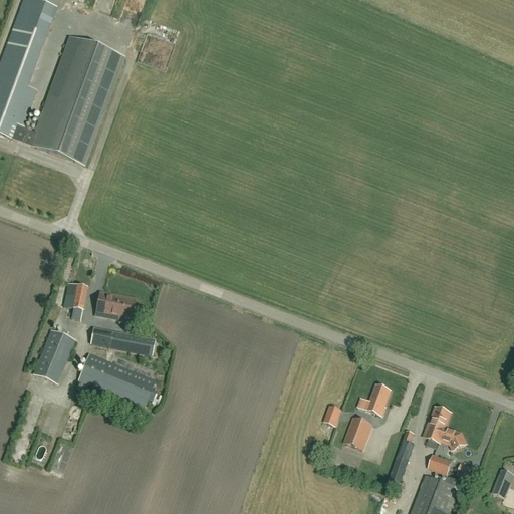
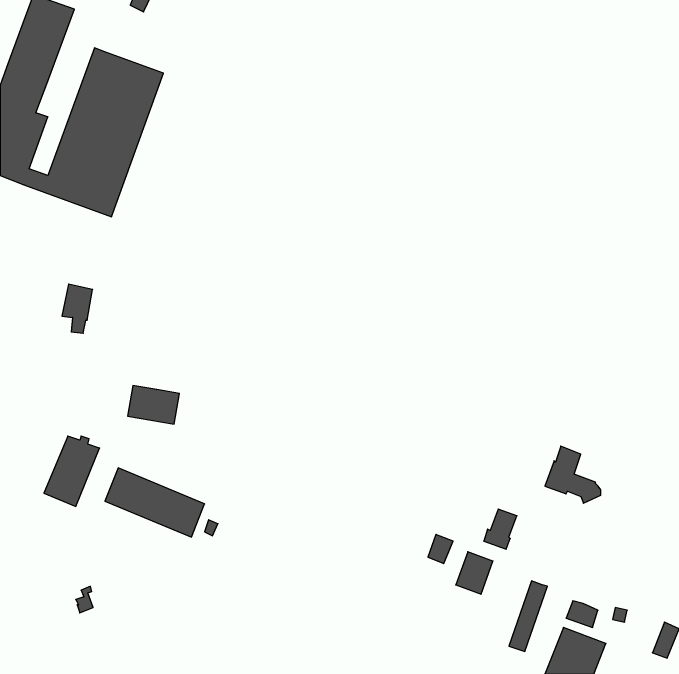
building: [64,282,87,319] -> [62,284,93,333]
building: [90,327,155,354] -> none
building: [424,406,466,449] -> [545,446,601,503]

